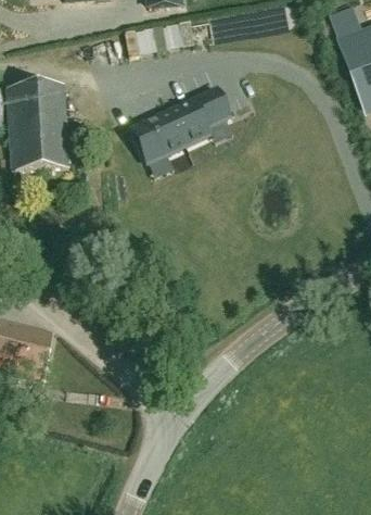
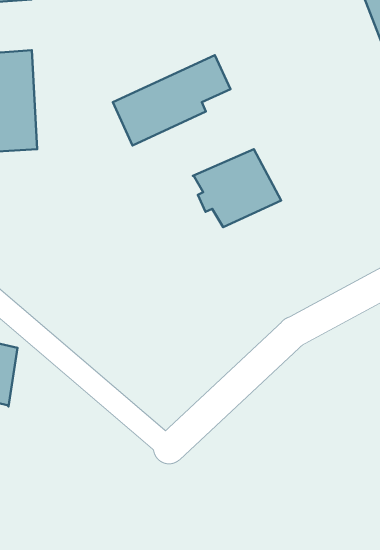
building: none -> [193,149,281,227]

